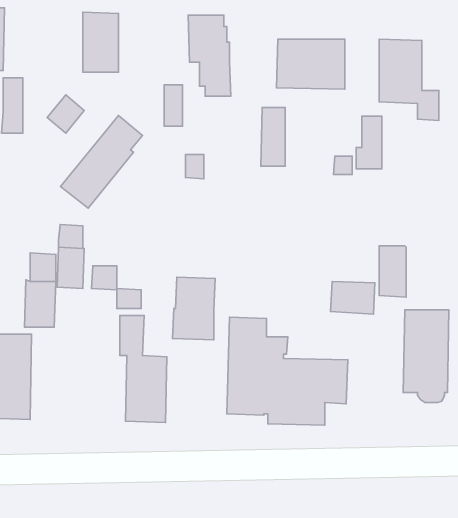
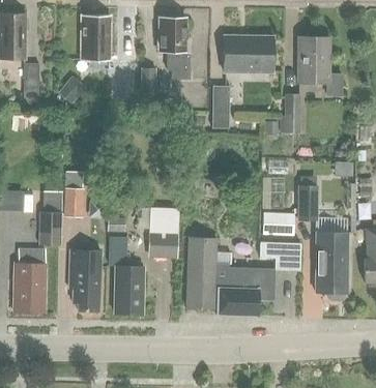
building: [61,115,142,208] -> none
building: none -> [258,241,300,269]
building: none -> [68,249,100,310]

